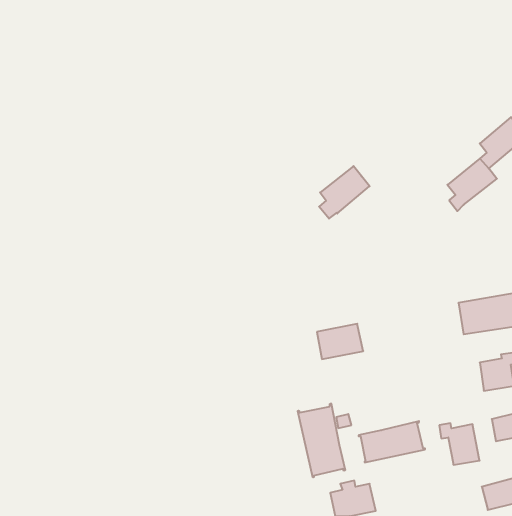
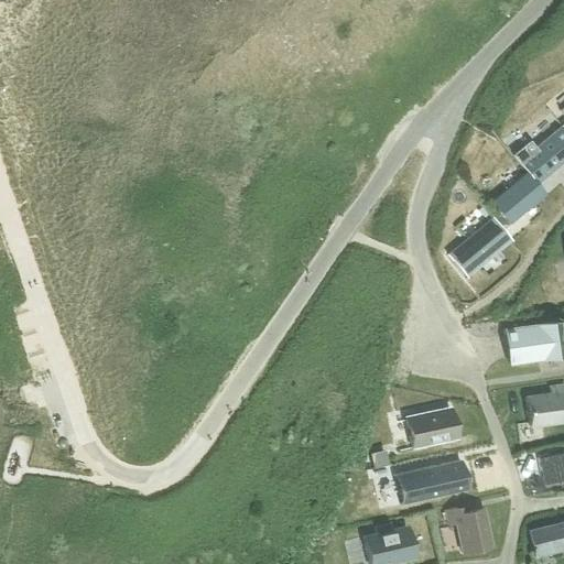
building: [319,166,370,219] -> [457,219,512,276]
building: [317,324,363,359] -> [406,409,457,447]
building: [298,403,345,477] -> none
building: [439,423,480,465] -> [448,508,492,553]

